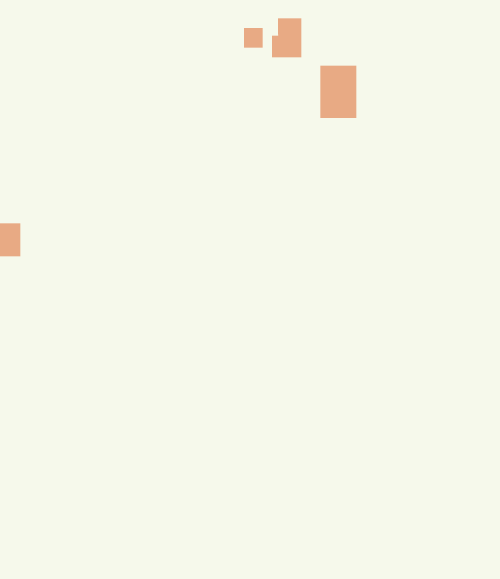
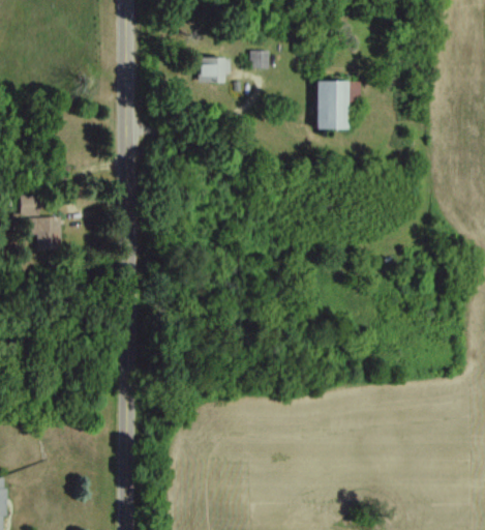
building: [271,18,302,58] -> none
building: none -> [199,59,226,85]

